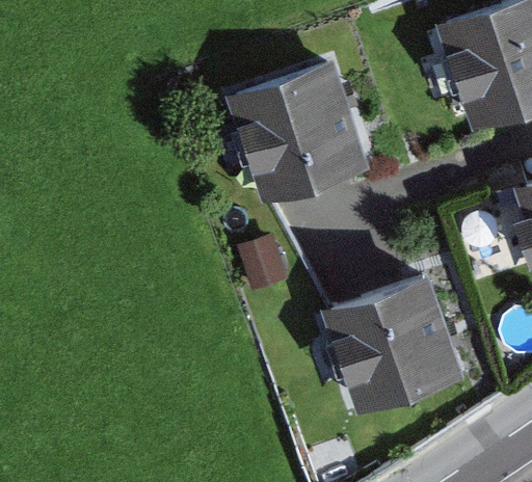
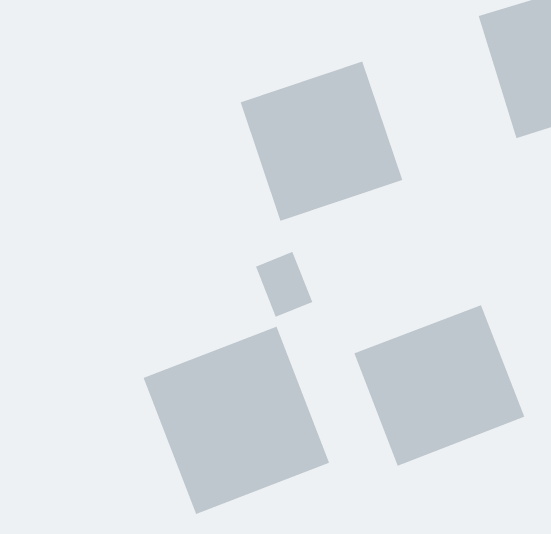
building: none -> [143,326,330,515]

